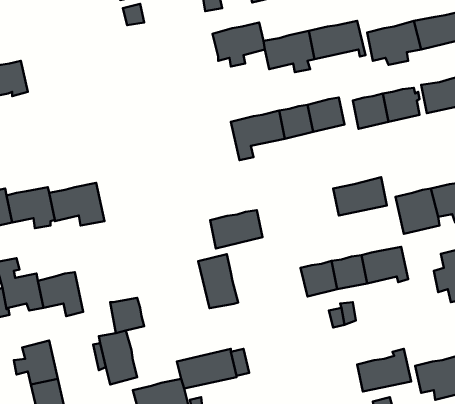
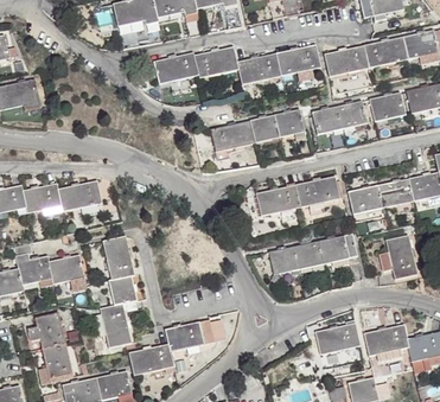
building: none -> [154,51,199,91]
building: [210,210,263,249] -> [256,184,300,216]
building: [198,254,238,308] -> [102,234,135,279]

